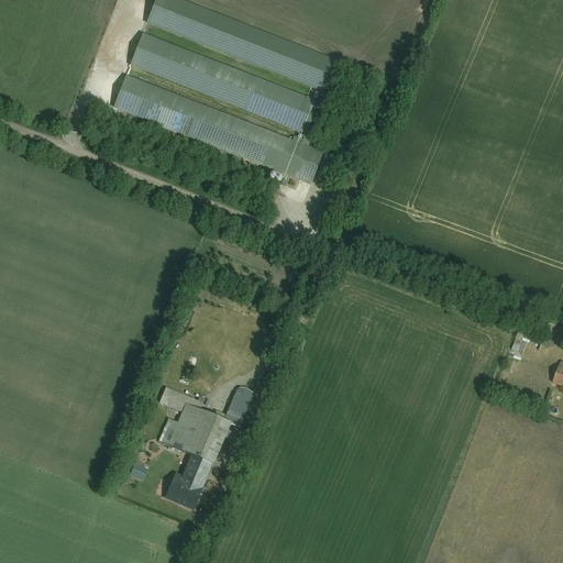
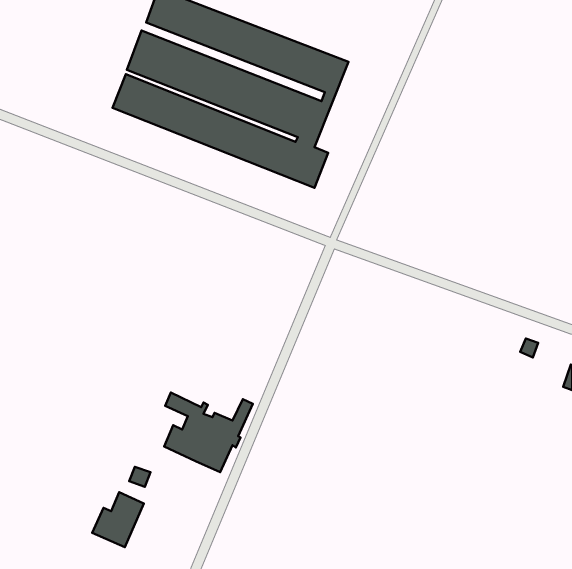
building: [165,451,216,505] -> [92,492,144,547]

